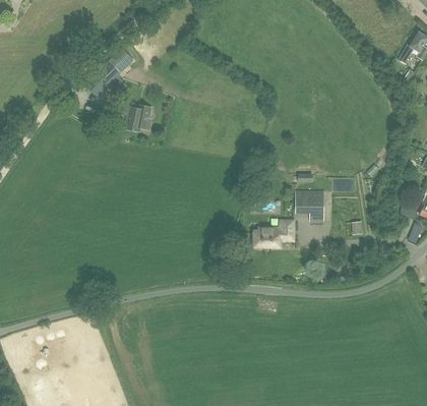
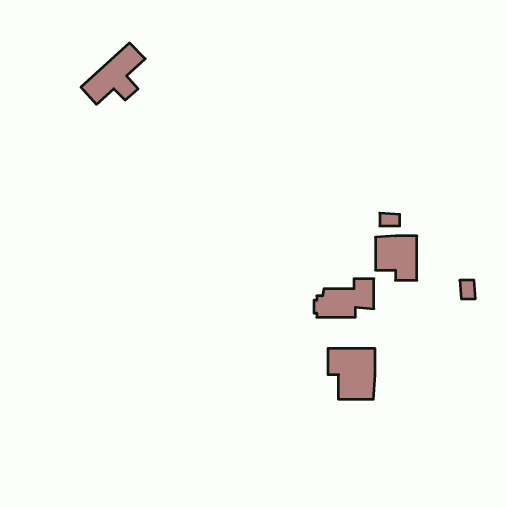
building: [121,104,150,130] -> none
building: none -> [328,348,375,399]

